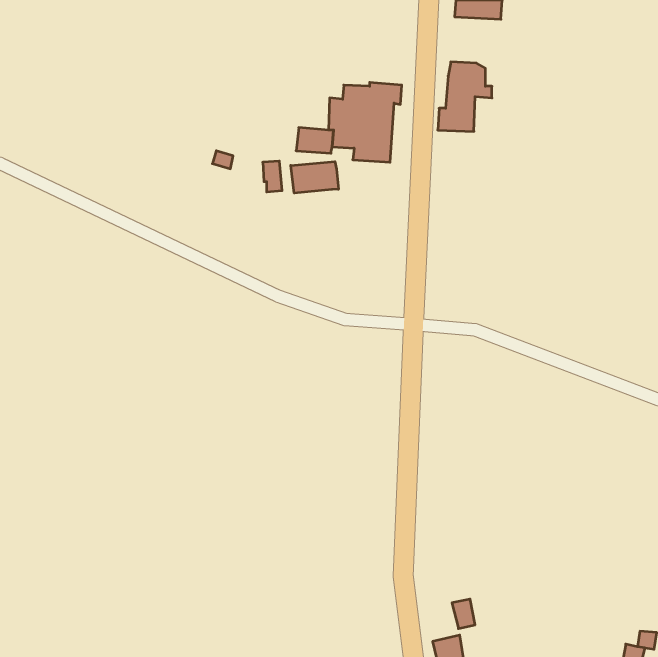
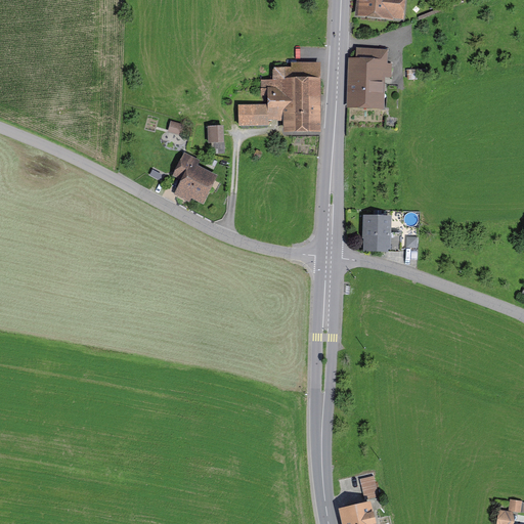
building: [291,162,338,193] -> none
building: none -> [178,158,211,200]
building: none -> [364,221,401,250]

